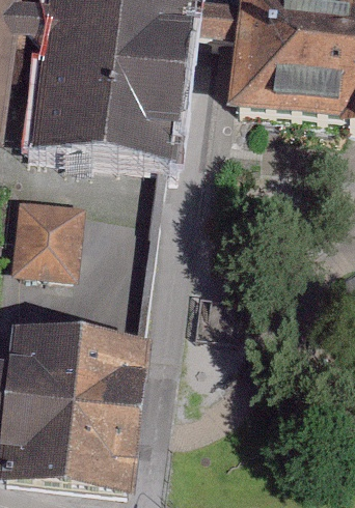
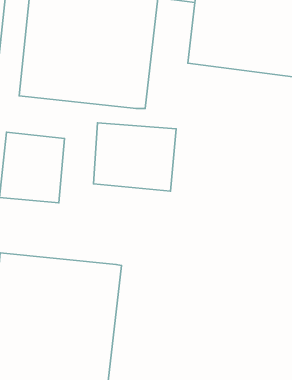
building: none -> [93,123,176,191]

